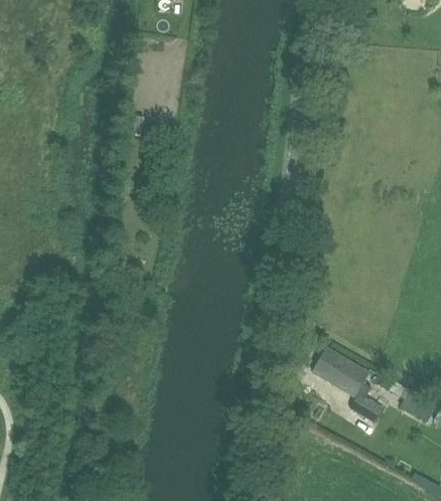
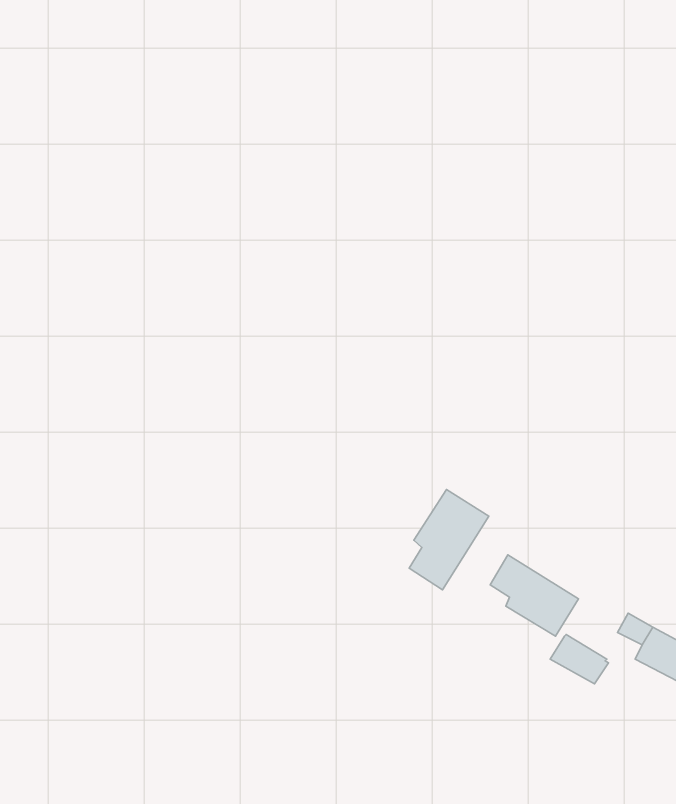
building: none -> [409,489,489,590]

